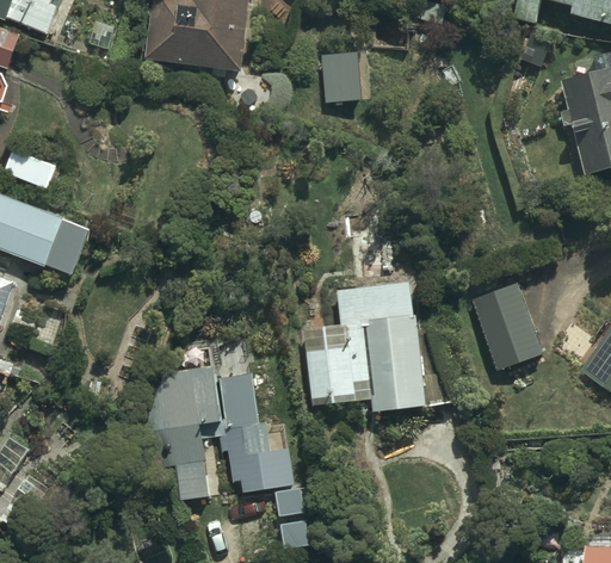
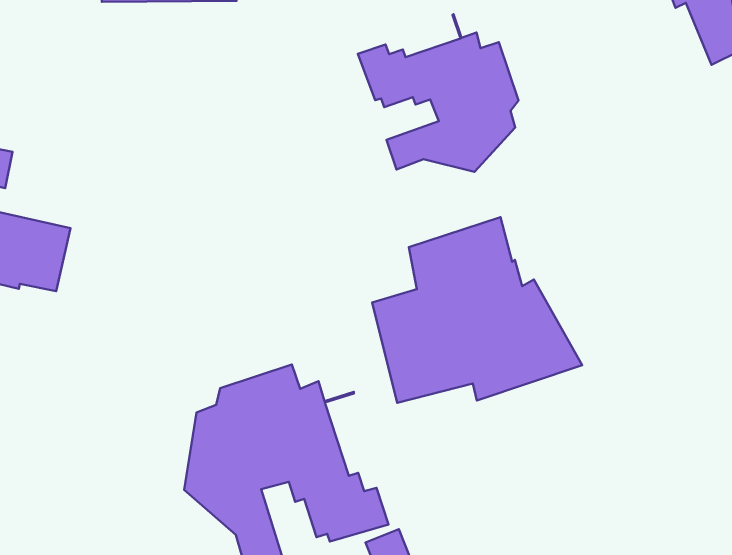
building: none -> [358,14,519,172]
building: [471,273,544,363] -> none

